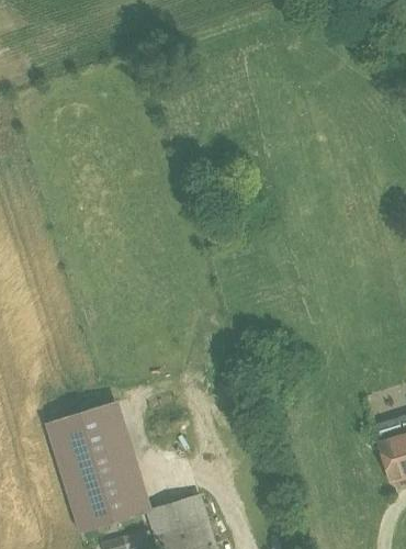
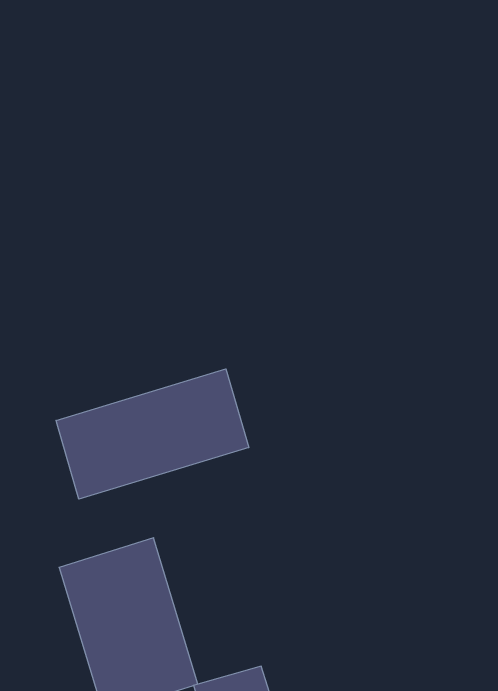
building: none -> [56,369,249,499]

